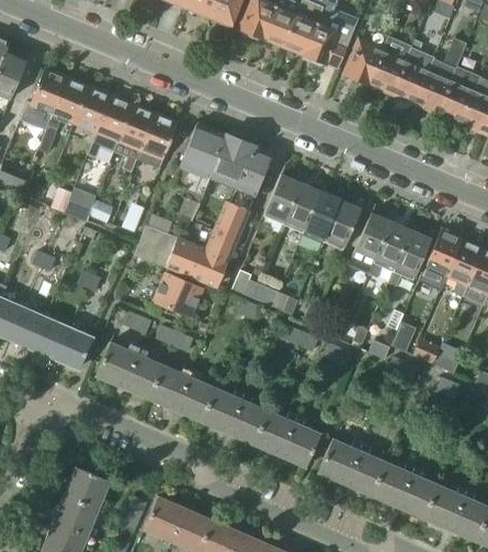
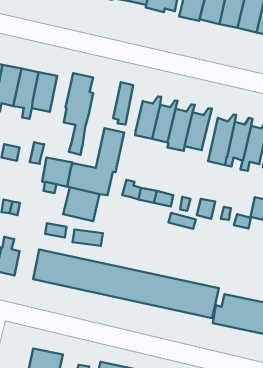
building: [207,135,254,191] -> none

